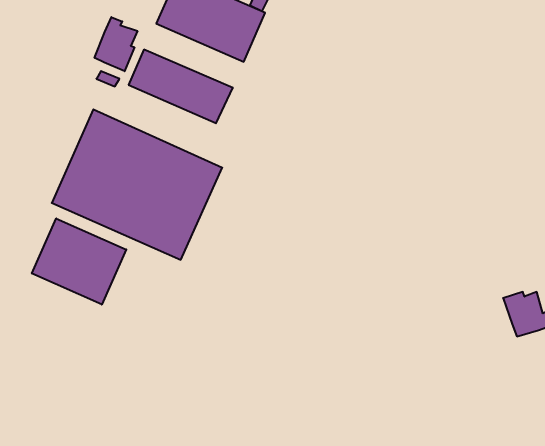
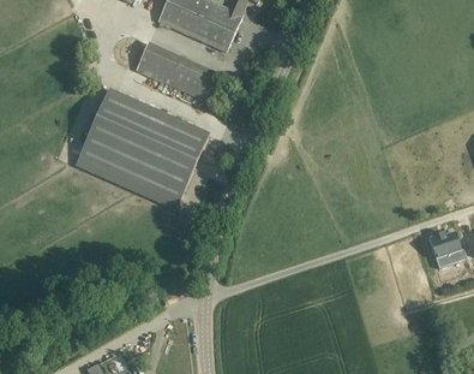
building: [95,17,137,71] -> none
building: [32,218,126,305] -> none

